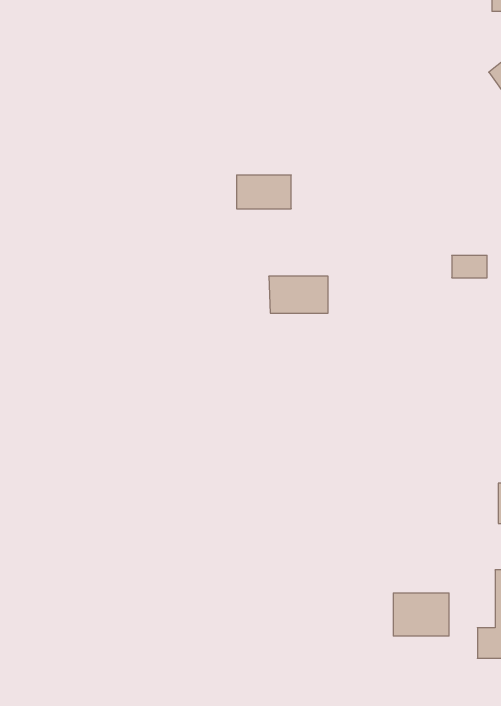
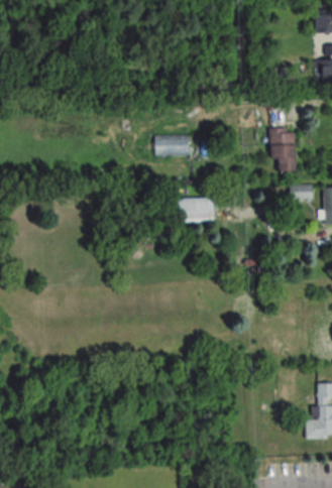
building: none -> [270,128,295,170]
building: [393,593,449,636] -> none

